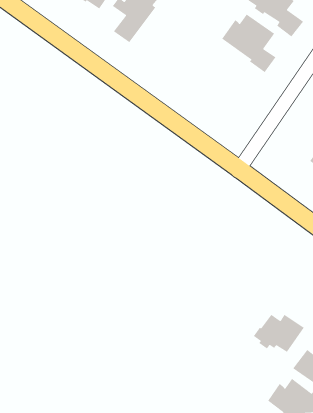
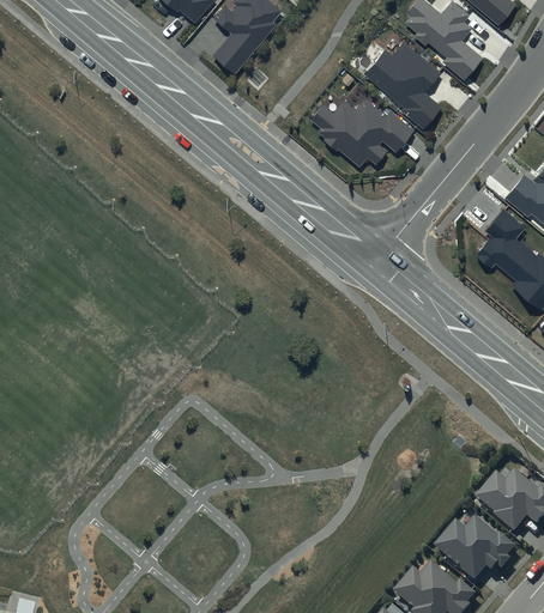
building: none -> [309,98,413,168]
building: [253,314,305,353] -> none

